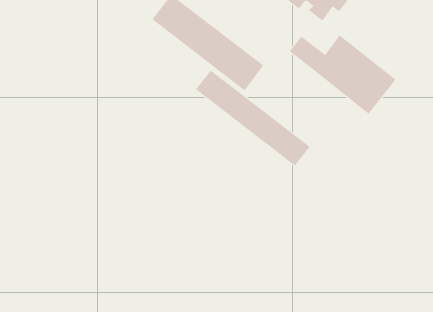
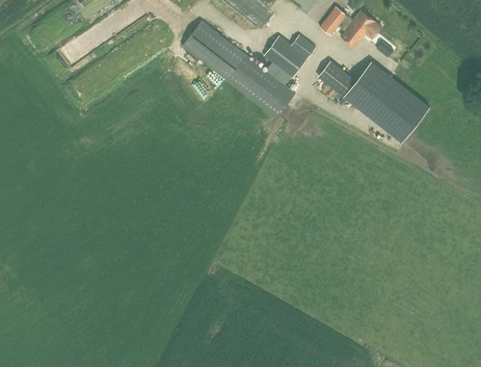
building: none -> [262,35,314,79]
building: [195,70,311,166] -> none

